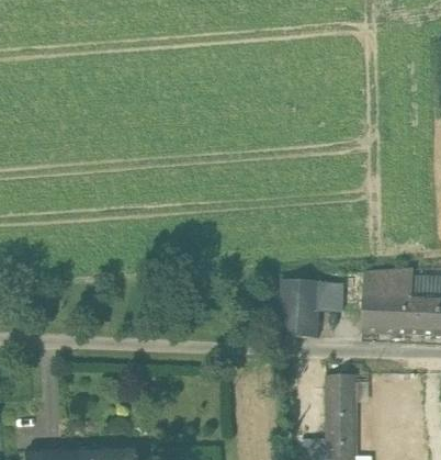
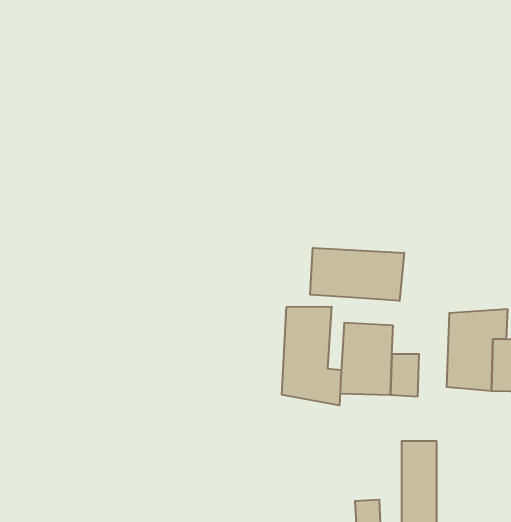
building: none -> [310,248,404,301]
building: none -> [282,307,341,405]

